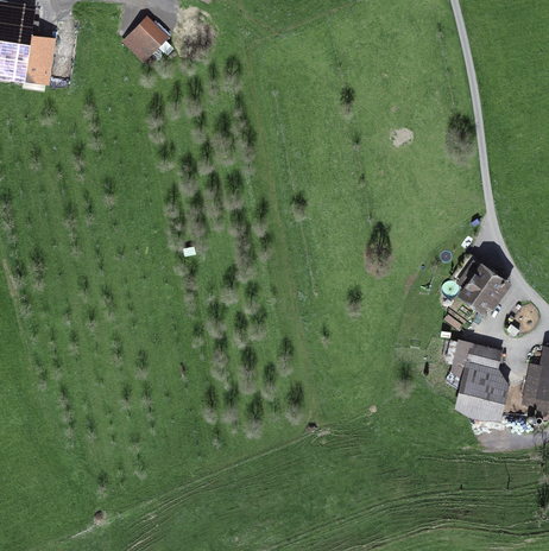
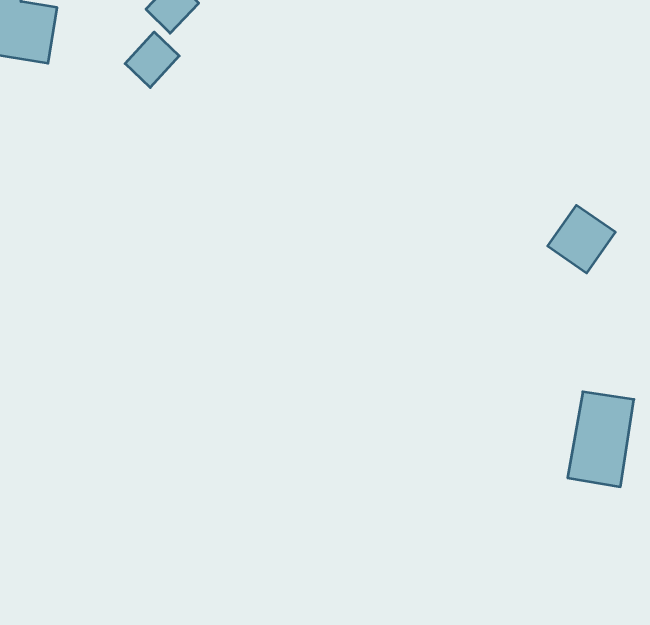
building: none -> [125,32,179,88]
building: [459,264,512,317] -> [548,205,615,273]

